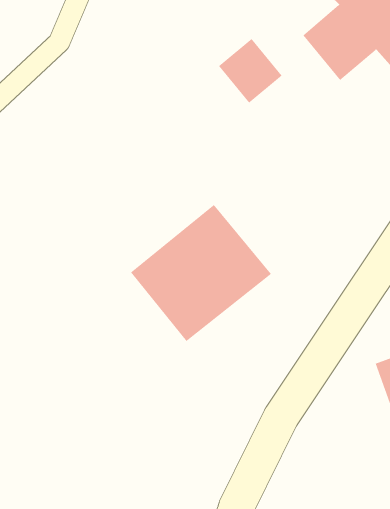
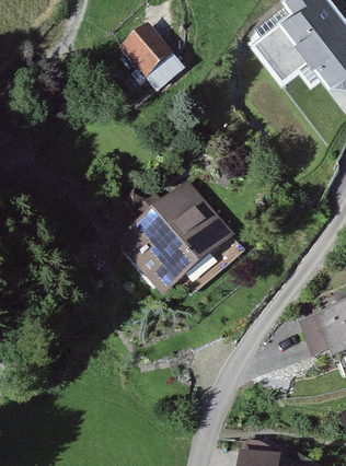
building: [218,38,282,104] -> [119,22,172,75]

